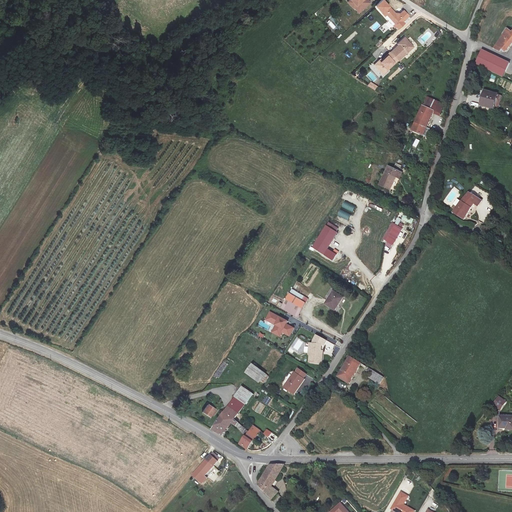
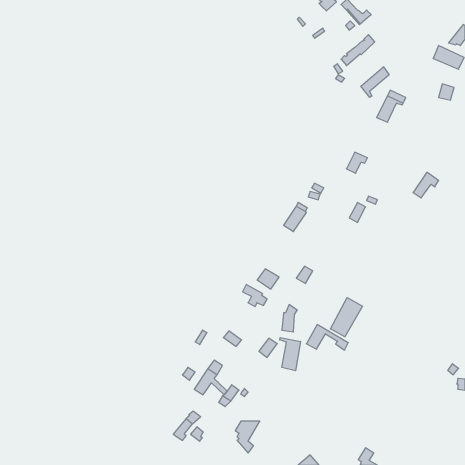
building: none -> [361,67,389,97]
building: none -> [330,298,362,337]
building: none -> [280,338,300,371]

